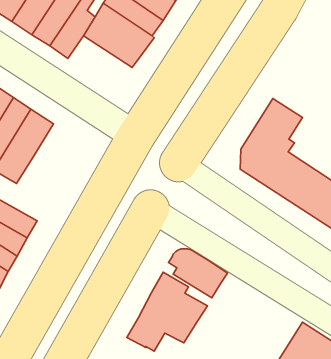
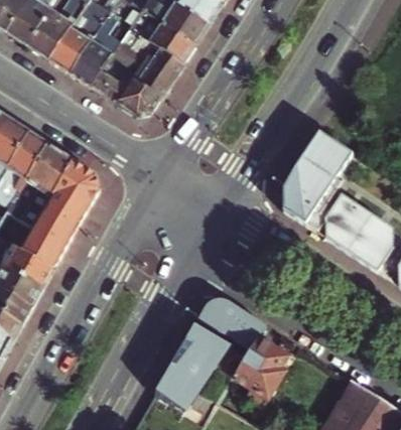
building: none -> [90,60,161,115]
building: none -> [19,158,101,266]
building: none -> [234,336,287,407]

